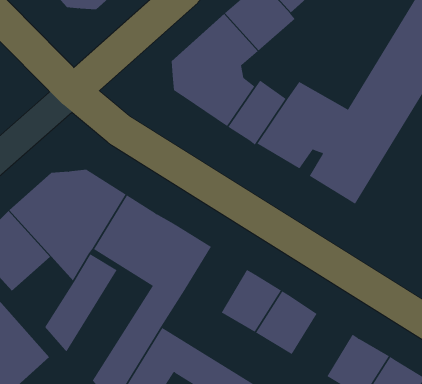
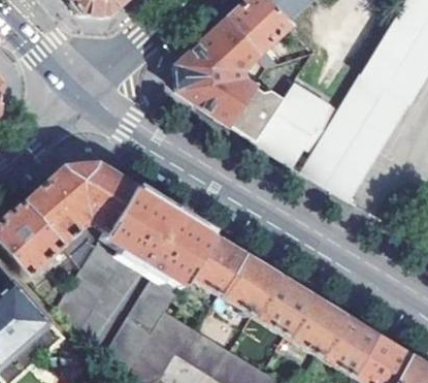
building: none -> [189,233,245,294]
building: none -> [288,295,343,353]

